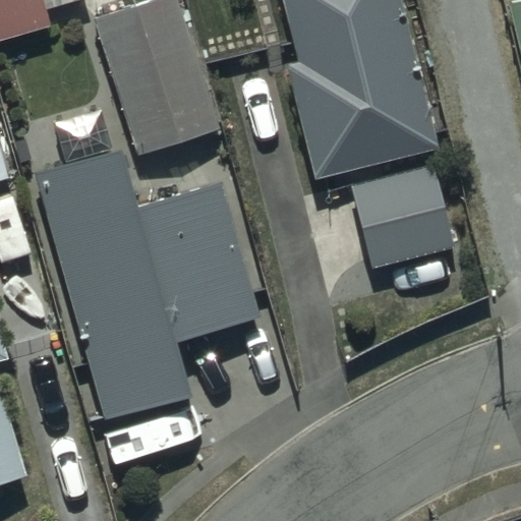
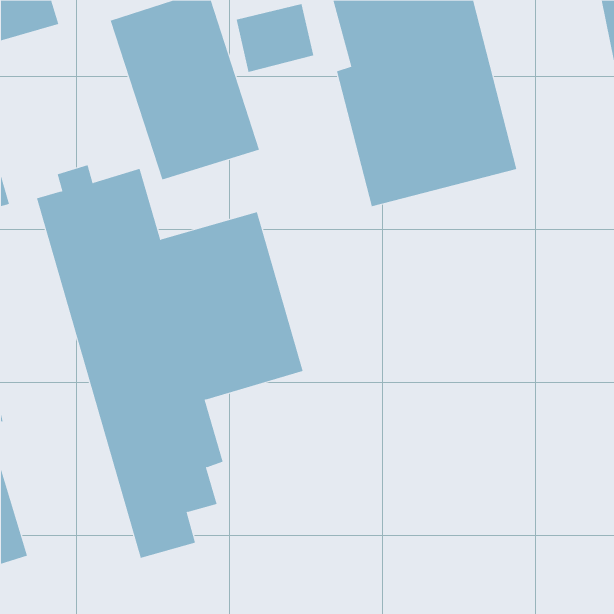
building: [352,165,460,282] -> none

